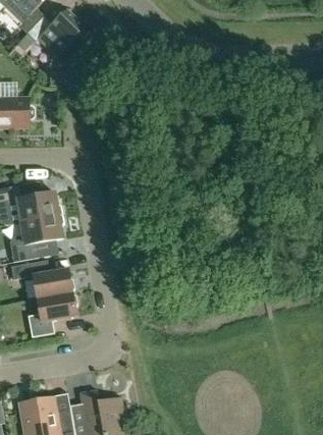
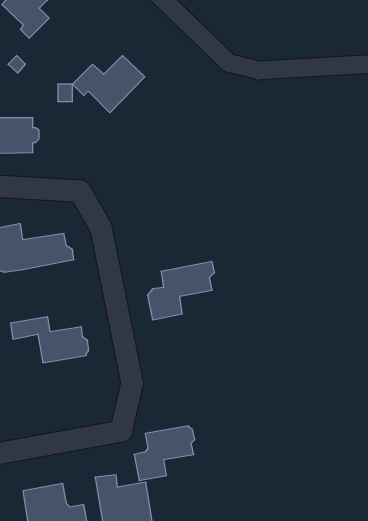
building: [25,8,85,55] -> [73,56,145,113]
building: [9,213,64,261] -> [147,261,215,320]
building: [28,291,77,336] -> [134,426,195,481]

